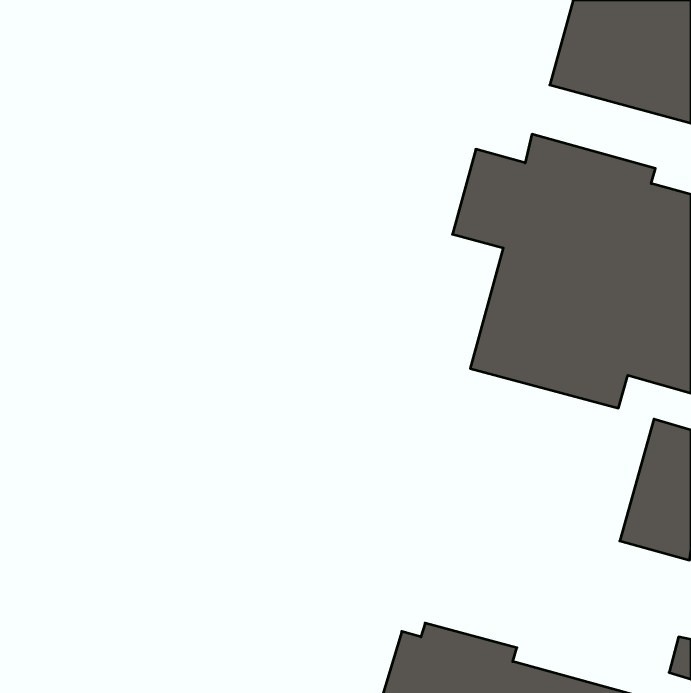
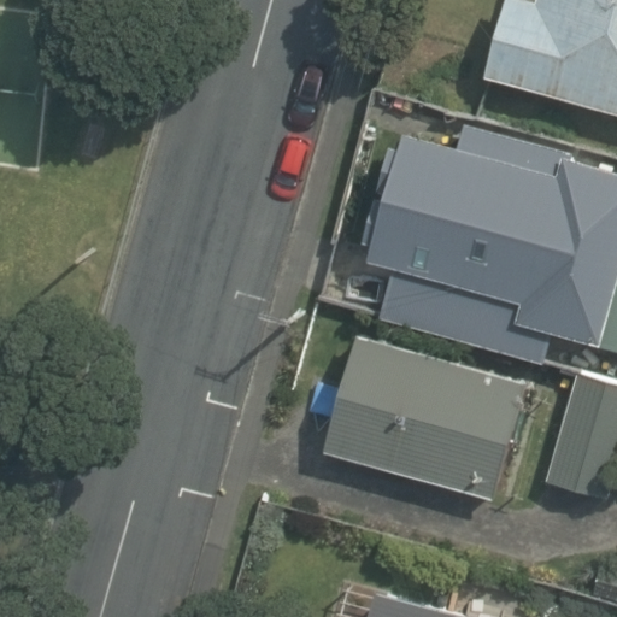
building: none -> [325,333,527,499]

